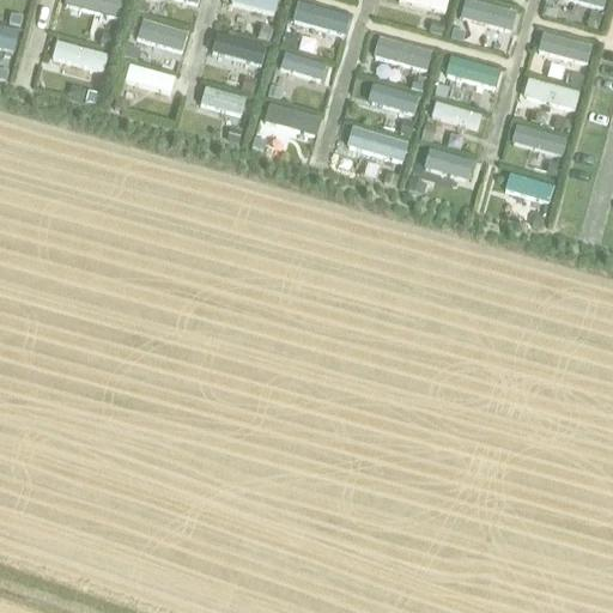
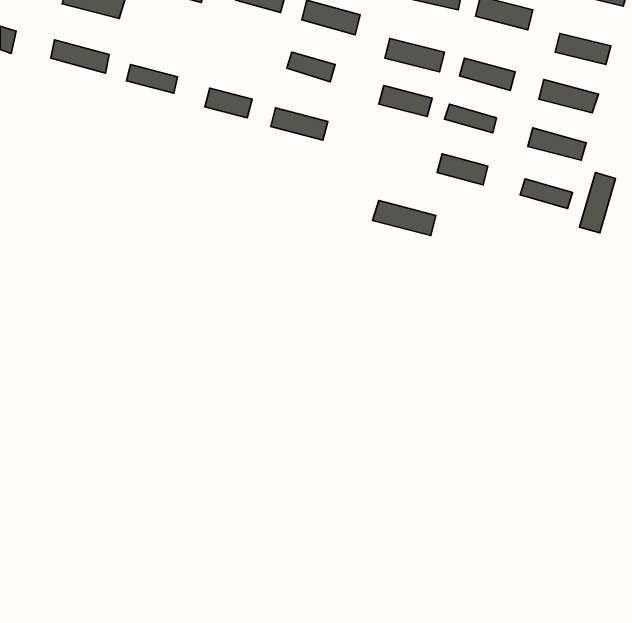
building: [136,18,188,50] -> none
building: [211,34,265,65] -> none
building: [346,126,407,159] -> [373,201,436,235]
building: none -> [580,173,616,233]

